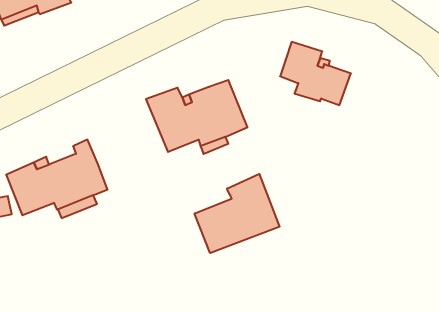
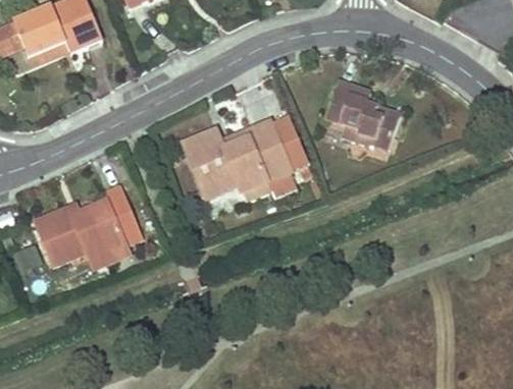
building: none -> [269,113,310,171]
building: [195,174,280,253] -> none

